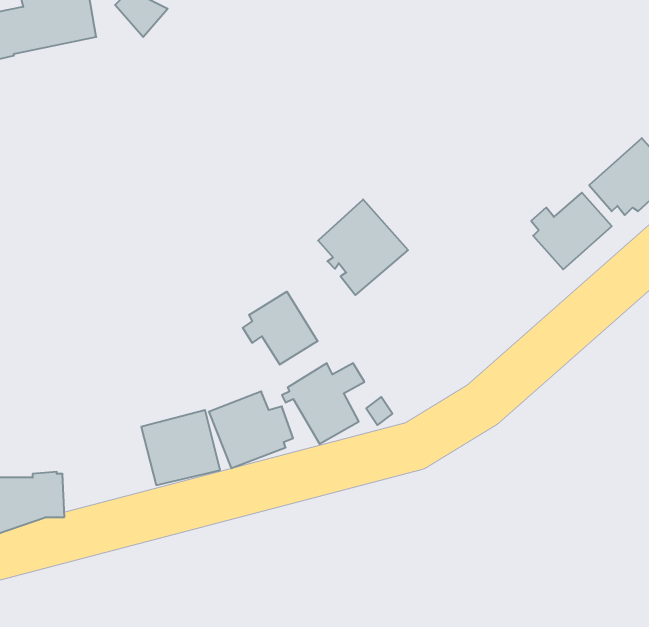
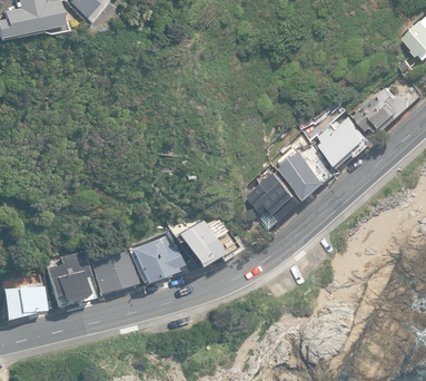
building: [318,199,408,295] -> [250,170,304,227]
building: none -> [280,149,336,198]
building: [243,292,318,365] -> none
building: none -> [43,250,92,306]

